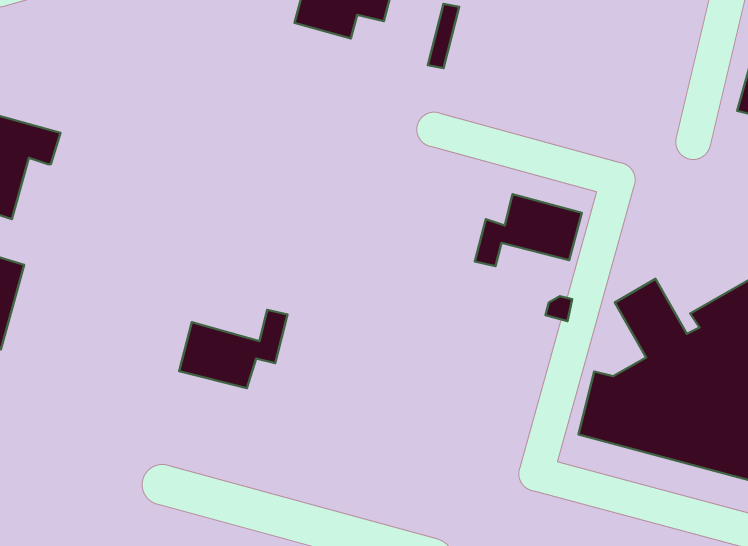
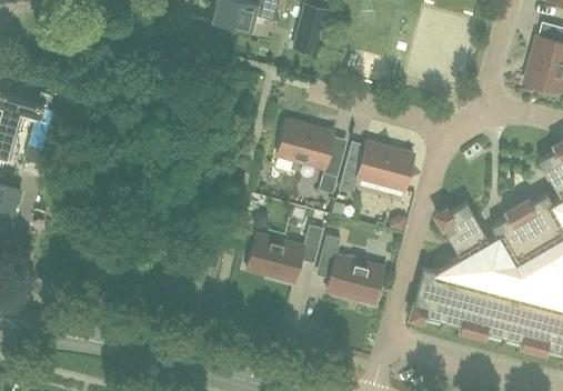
building: none -> [277,120,342,192]
building: [179,310,288,388] -> [247,224,323,280]
building: none -> [319,234,384,301]

